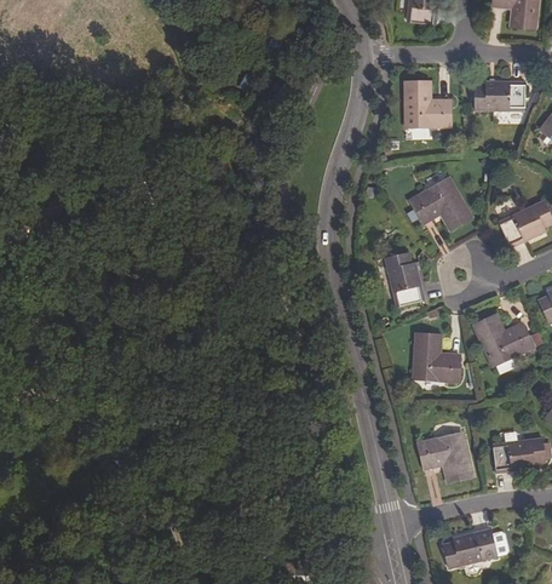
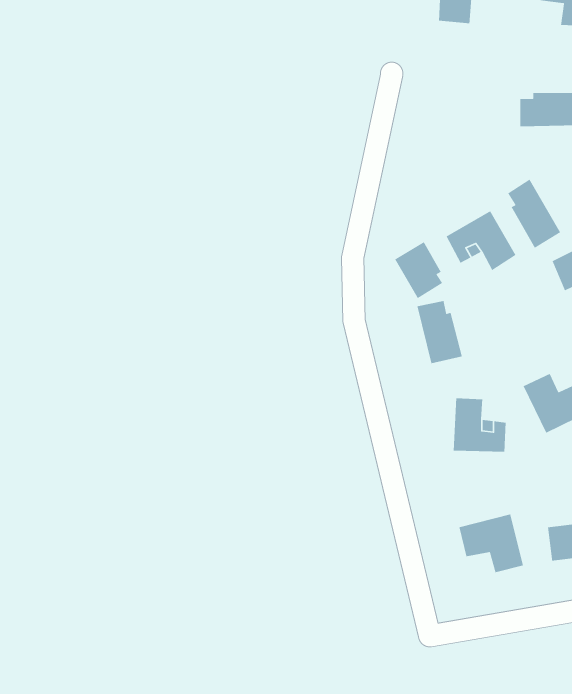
building: [403,81,448,127] -> none
building: none -> [507,179,561,249]
building: none -> [394,241,443,299]
building: [448,528,501,568] -> none

